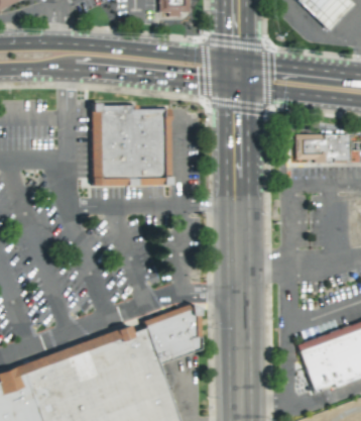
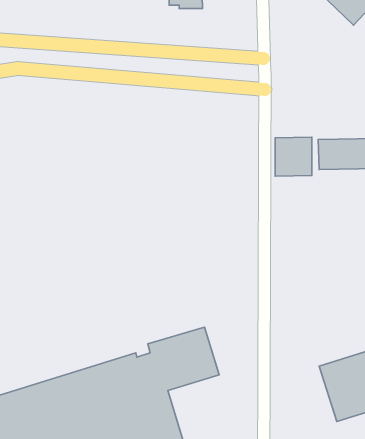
building: [91,105,170,188] -> none
building: none -> [275,137,312,176]

